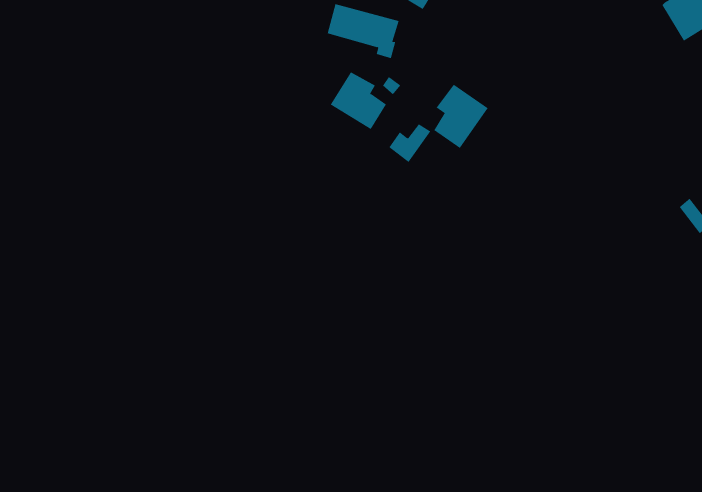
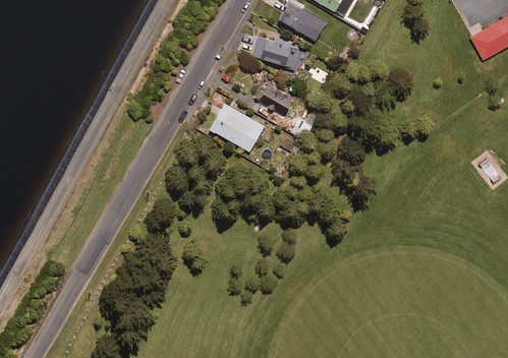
building: [433,84,488,149] -> none
building: none -> [209,102,265,152]

